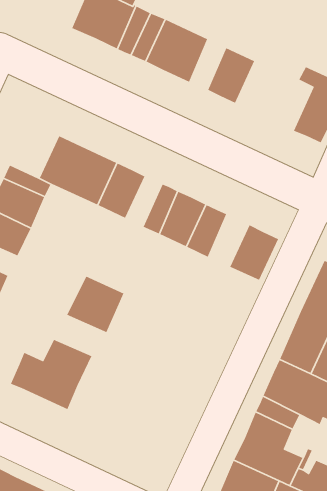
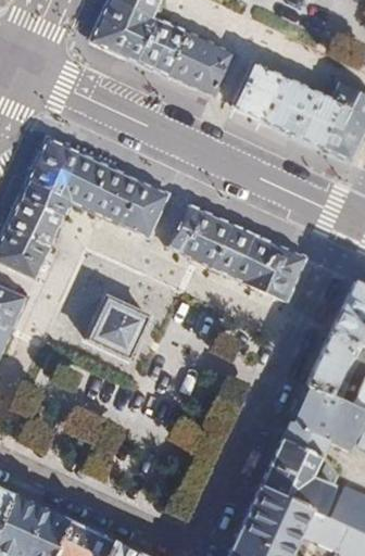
building: none -> [262,74,342,147]
building: none -> [27,137,78,195]
building: none -> [234,232,276,288]
building: [10,339,92,410] -> none

